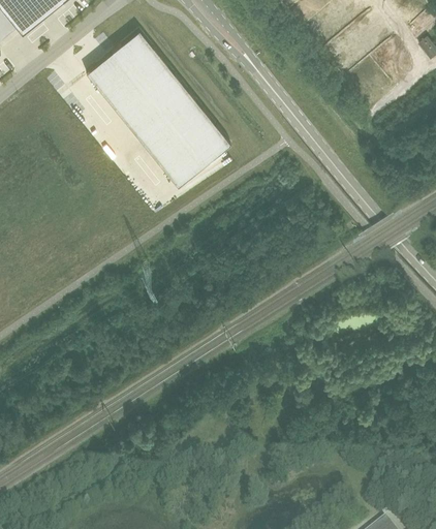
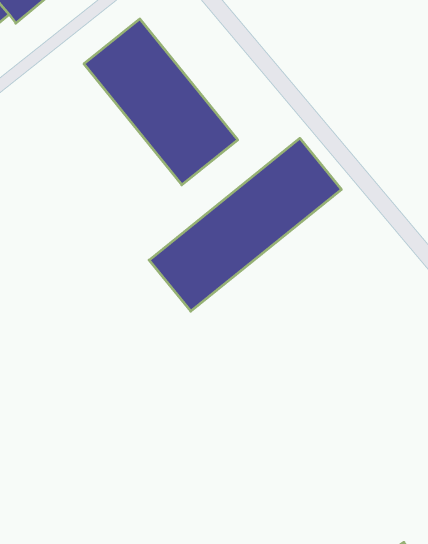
building: none -> [149,138,341,311]

